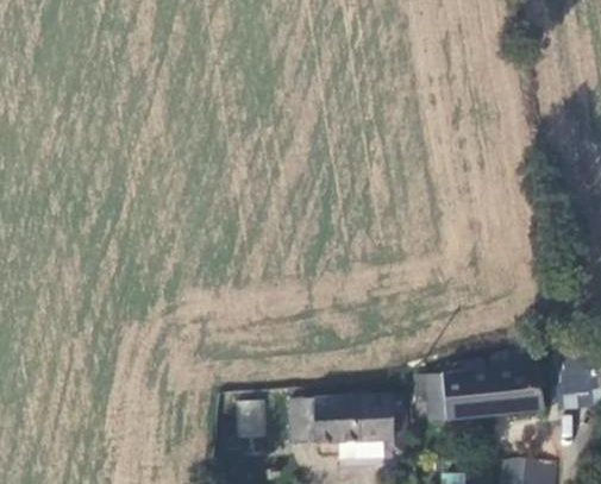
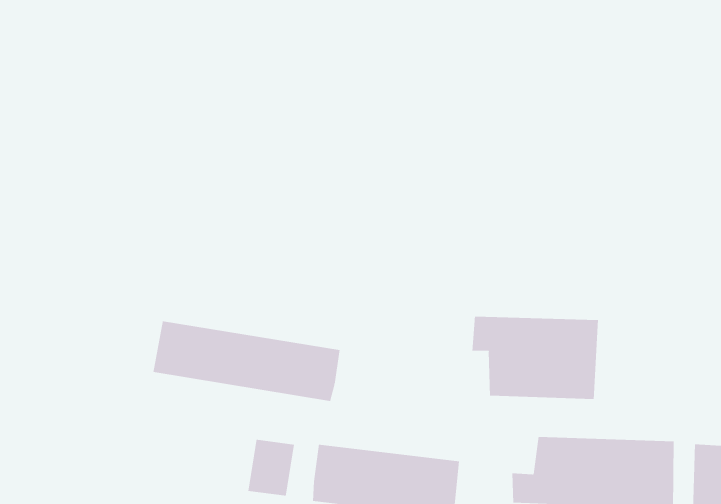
building: none -> [472,316,598,400]
building: none -> [153,321,340,402]

